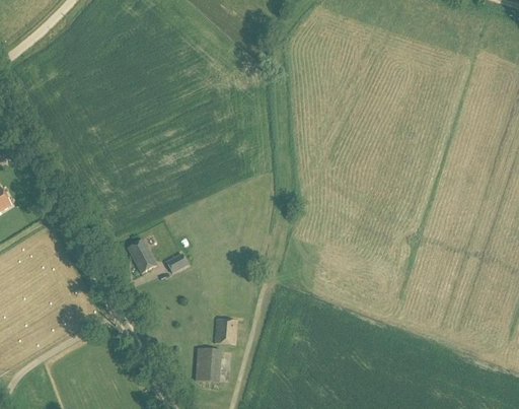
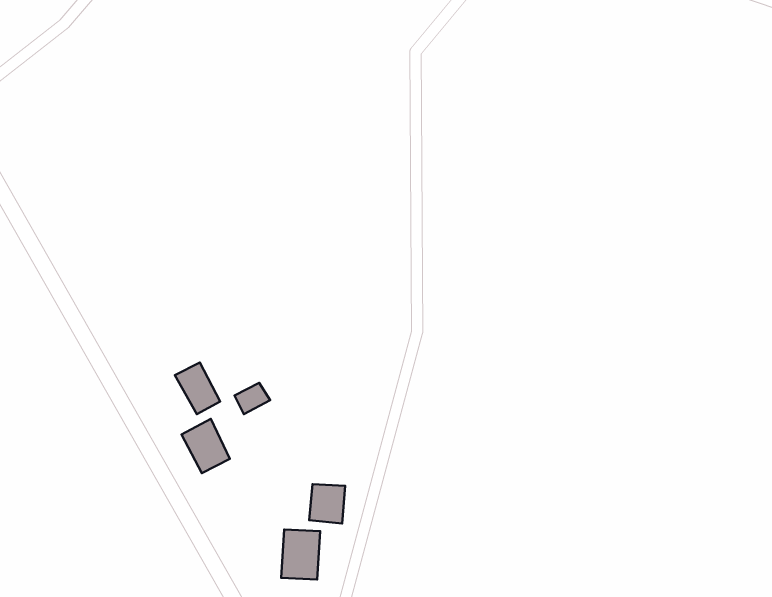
building: none -> [182,419,230,473]

